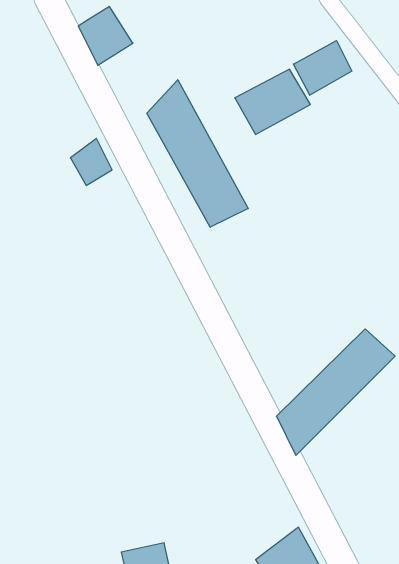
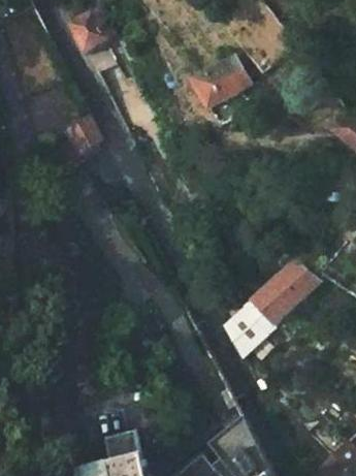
building: [293,41,352,95] -> none
building: [147,80,248,227] -> none

